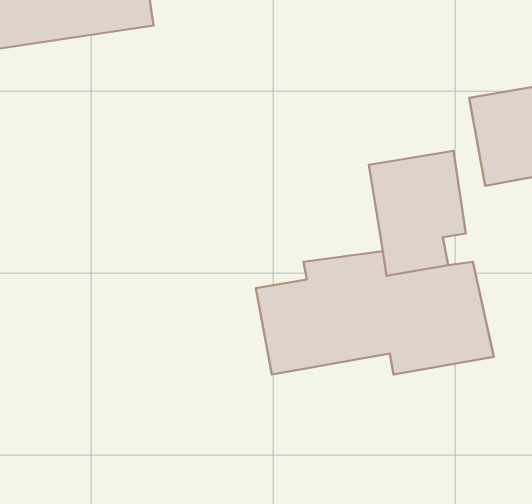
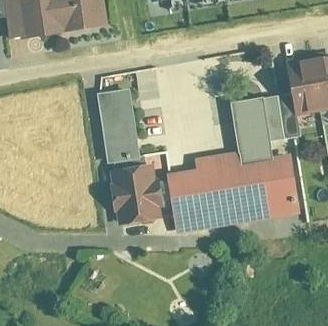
building: none -> [95,90,141,164]
building: none -> [111,164,161,225]

